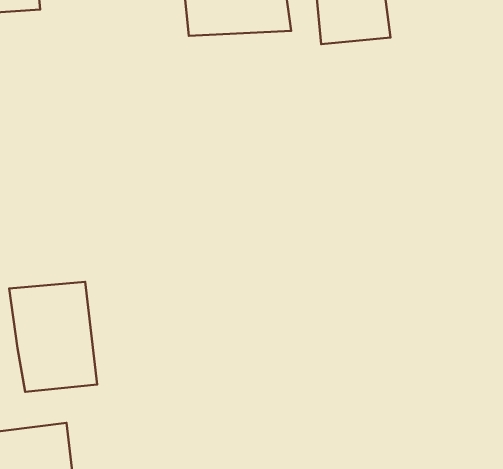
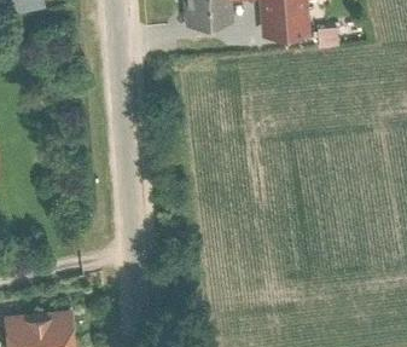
building: [9,282,97,392] -> none

